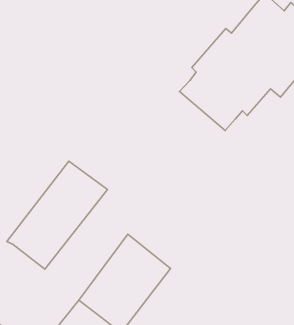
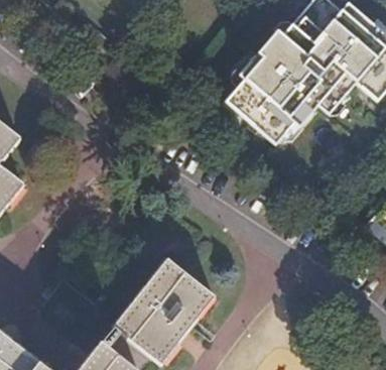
building: [7,161,108,269] -> none

